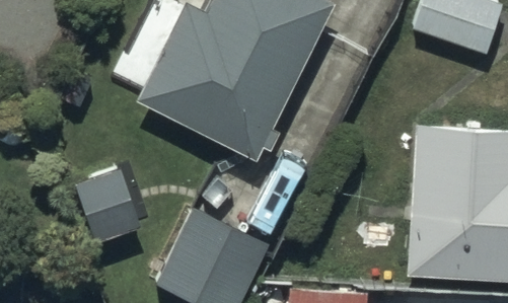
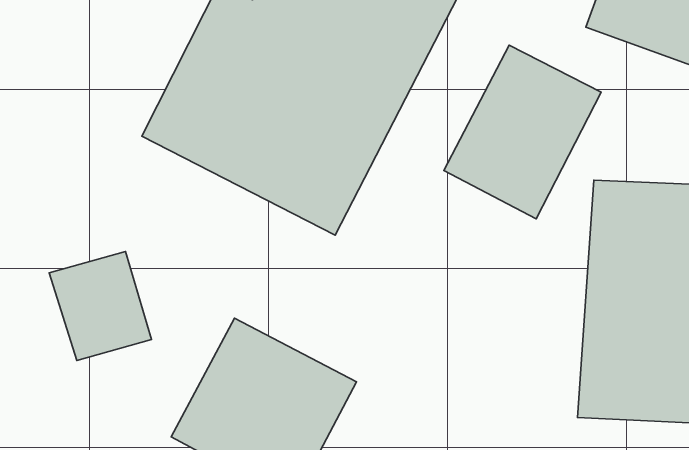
building: none -> [444,45,601,219]

